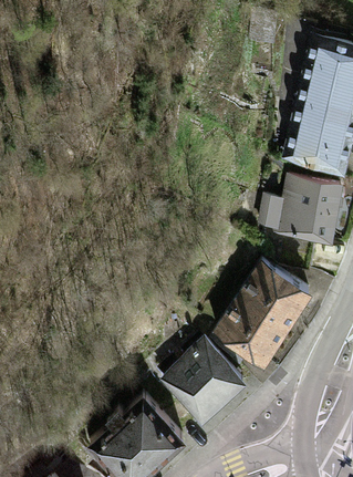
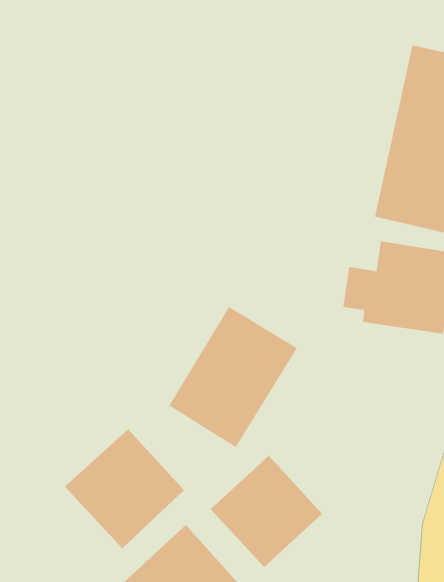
building: [217,257,312,361] -> [168,306,298,448]
building: none -> [64,429,185,549]

